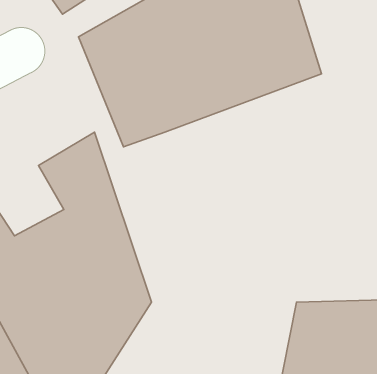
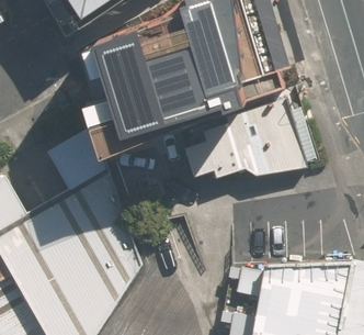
building: none -> [182,93,320,180]

